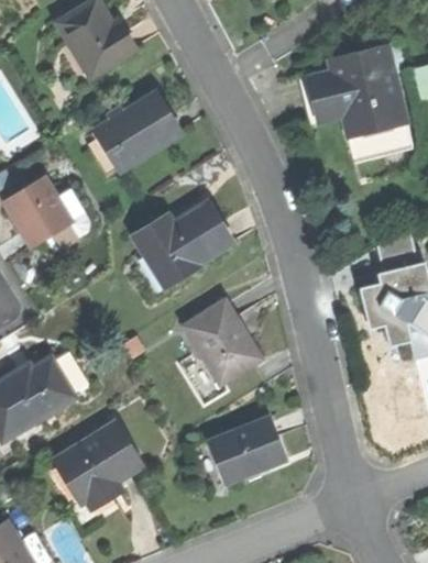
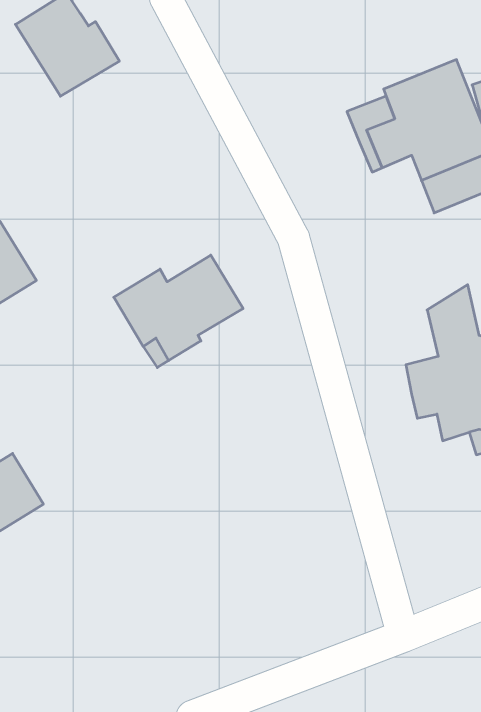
building: [94,91,180,169] -> none
building: [189,307,261,383] -> none
building: [213,418,290,483] -> none
building: [53,423,142,510] -> none

